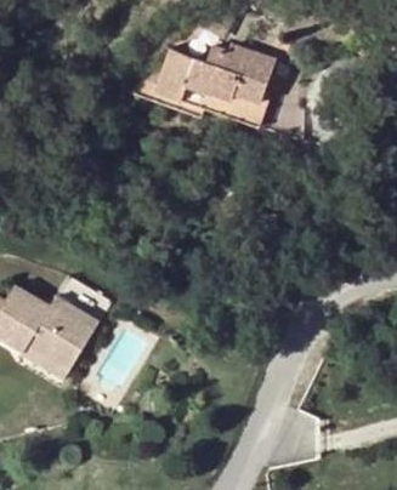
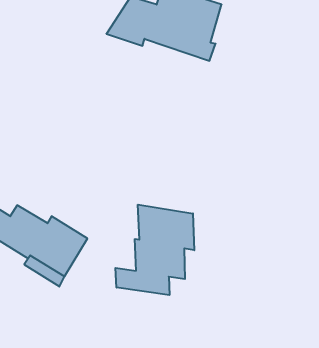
building: none -> [115,205,194,295]

